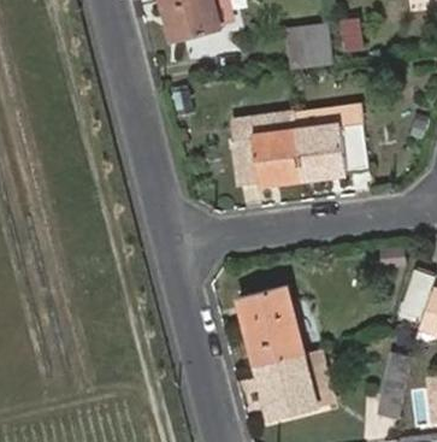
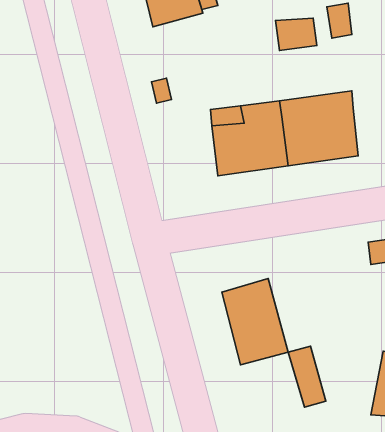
building: [258,354,319,420] -> none

